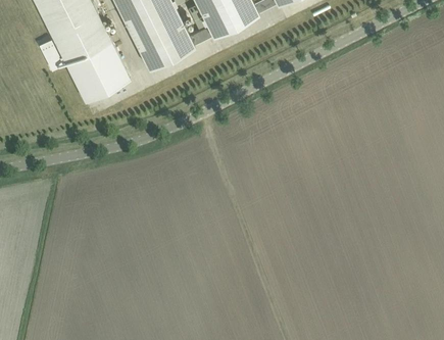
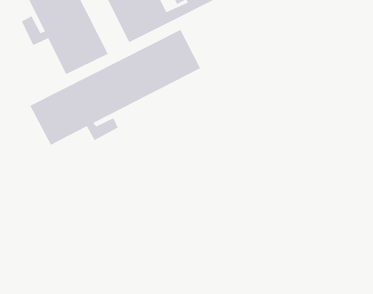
building: none -> [29,29,201,146]

